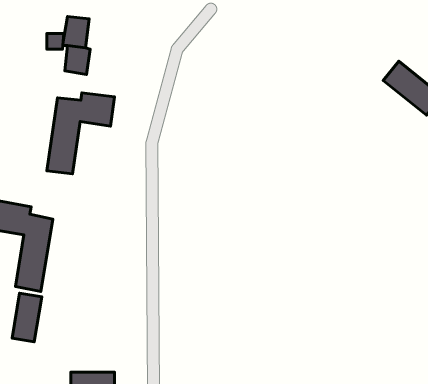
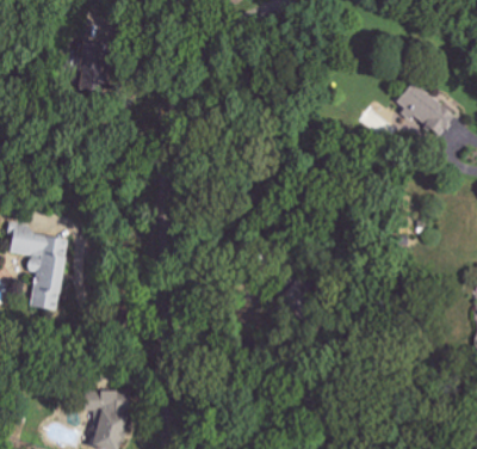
building: [47,93,115,174] -> none
building: [12,293,42,342] -> none

